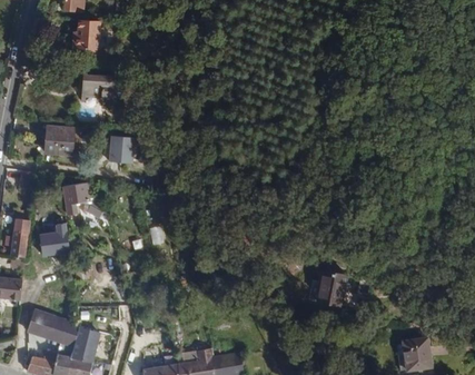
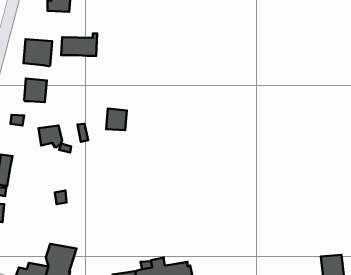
building: none -> [24,39,52,66]
building: [106,136,131,162] -> [106,109,127,130]
building: [36,224,67,257] -> none
building: [324,272,354,306] -> none
building: [24,310,76,346] -> none

